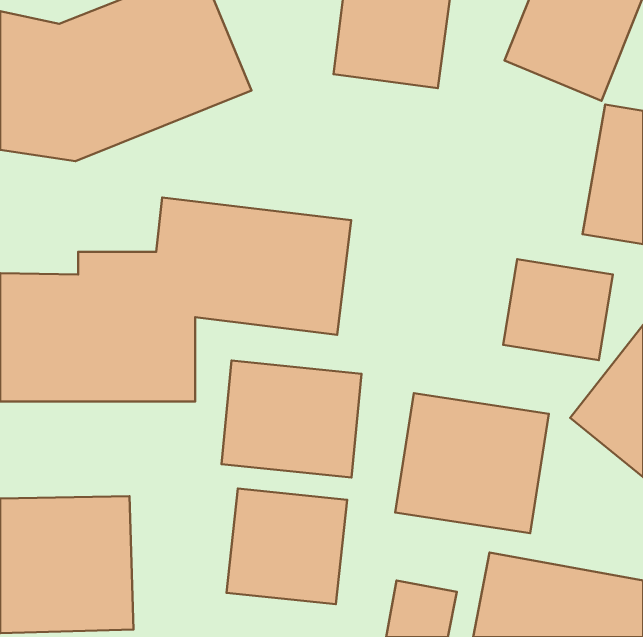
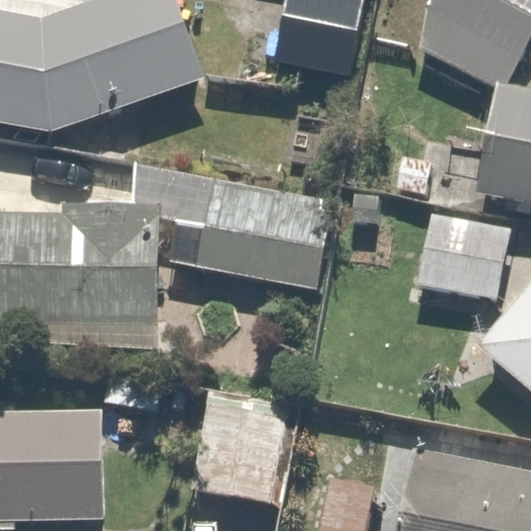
building: [222,361,362,478] -> none
building: [395,393,549,533] -> none

